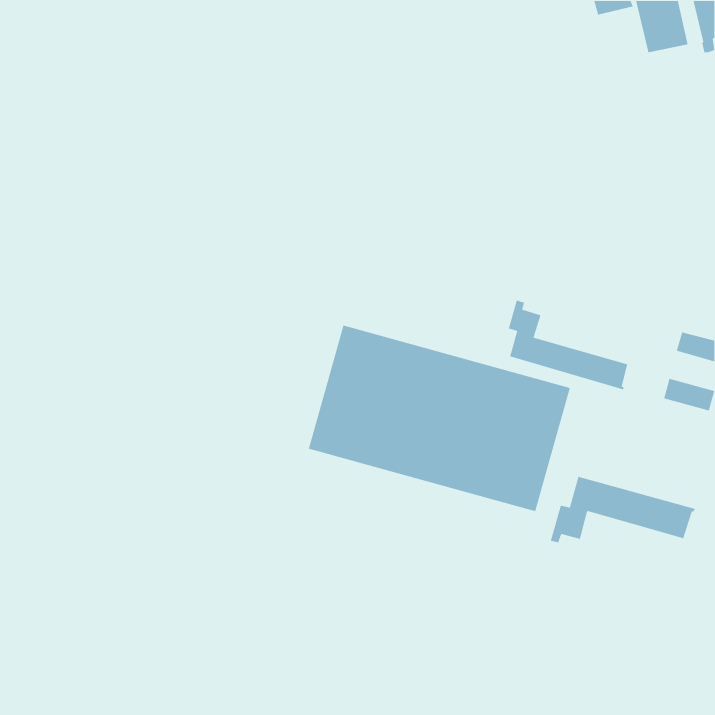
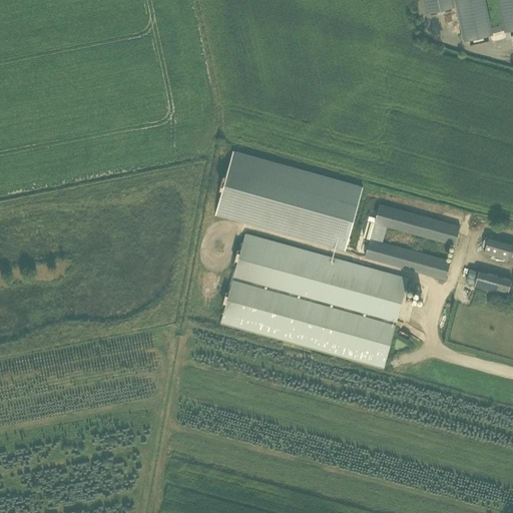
building: none -> [215,150,363,249]
building: none -> [375,203,460,244]
building: [550,476,696,543] -> none

